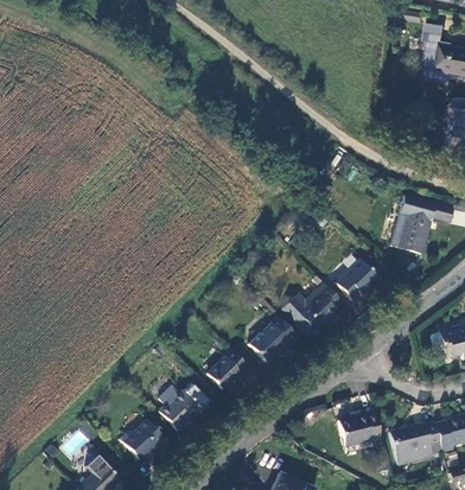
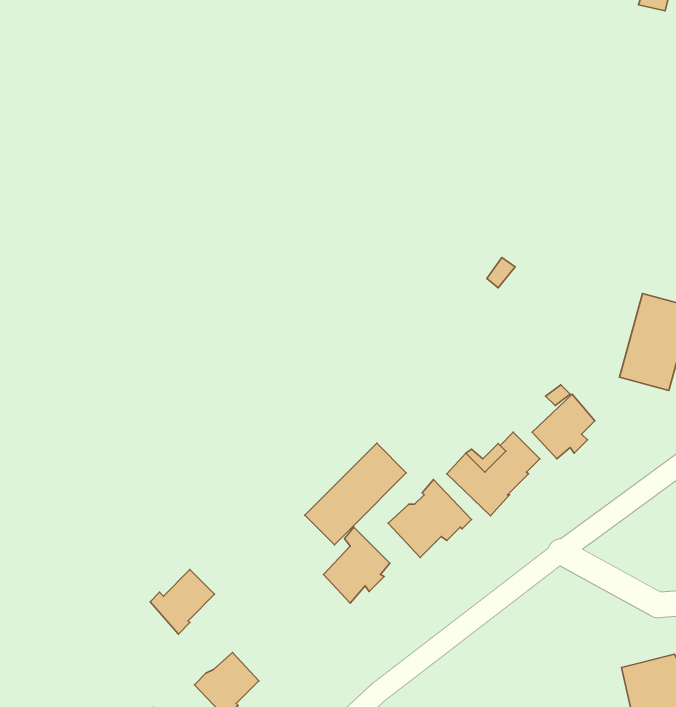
building: none -> [305,443,406,545]
building: [159,389,199,429] -> [150,569,215,634]
building: [339,408,383,446] -> none

